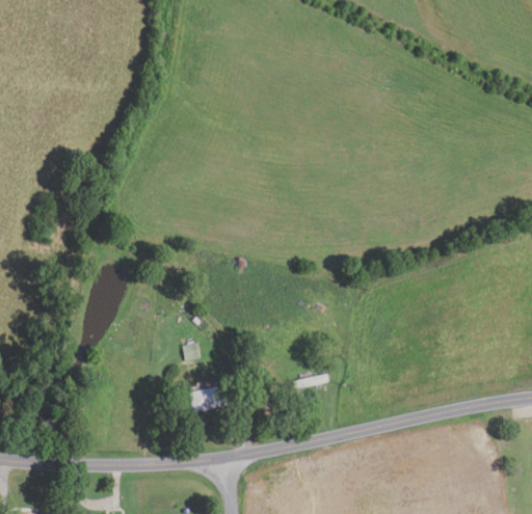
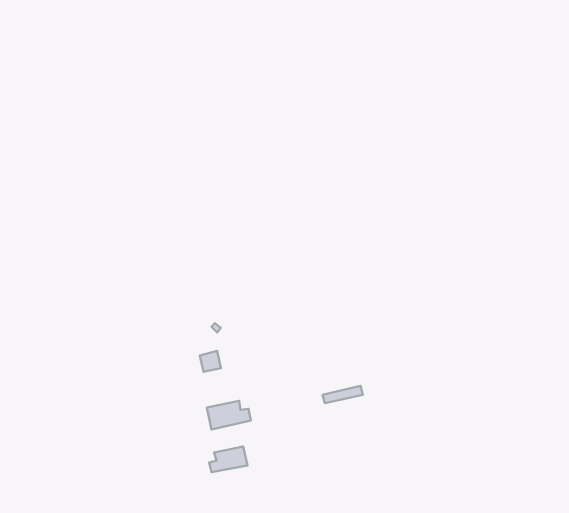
building: none -> [209,446,247,472]

